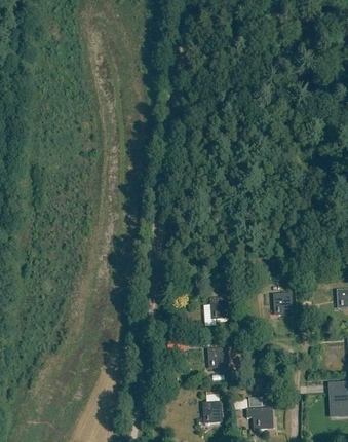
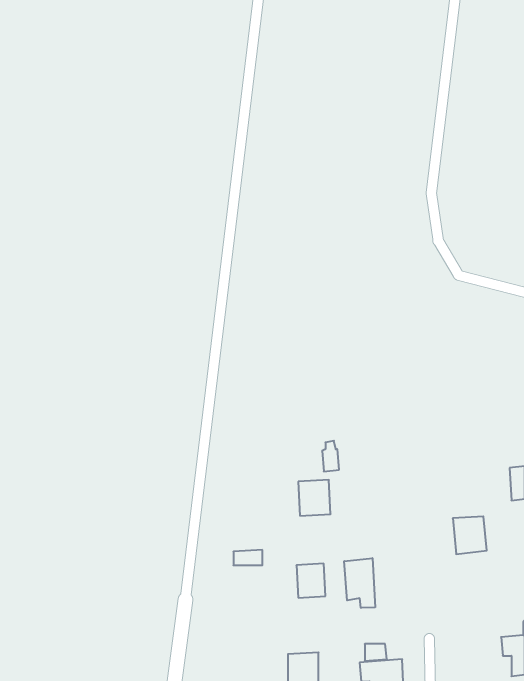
building: [272,293,293,316] -> [453,516,487,554]
building: none -> [344,558,375,608]

